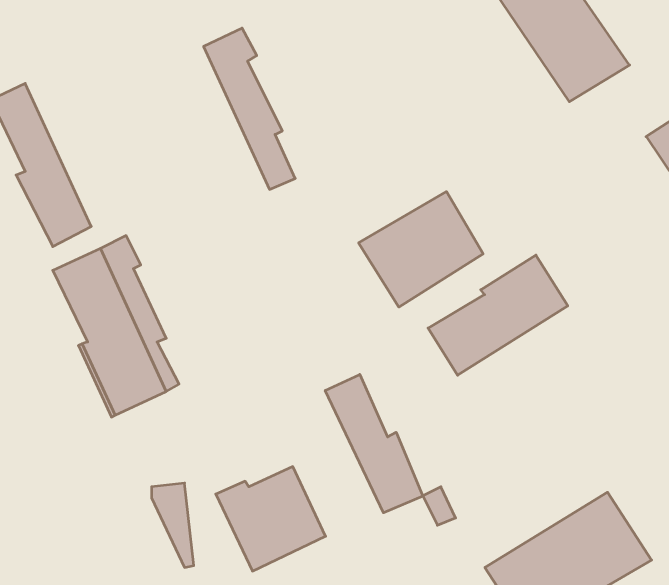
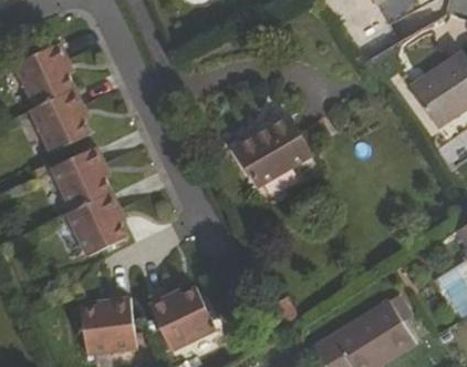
building: [204,28,295,189] -> [35,42,91,140]
building: [428,255,568,375] -> none
building: [325,374,423,513] -> none
building: none -> [83,304,132,351]

